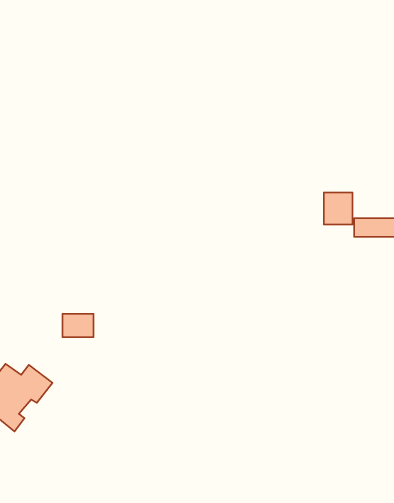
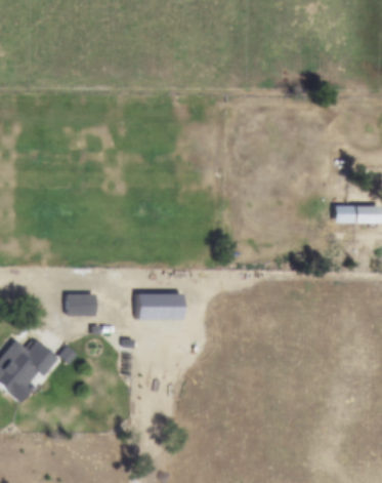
building: [324,193,353,224] -> none
building: none -> [137,295,182,318]

